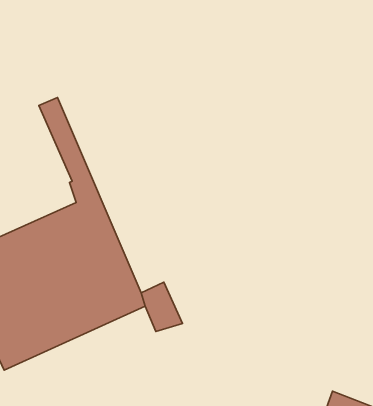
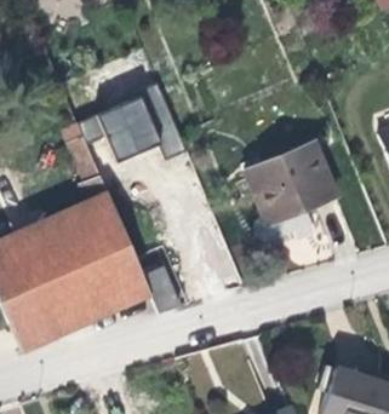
building: none -> [102,80,190,161]
building: none -> [247,148,338,229]

